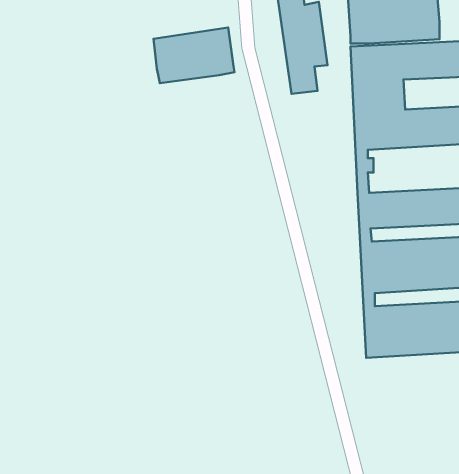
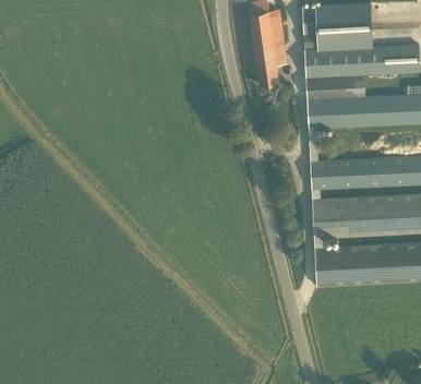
building: [153,28,235,83] -> none

